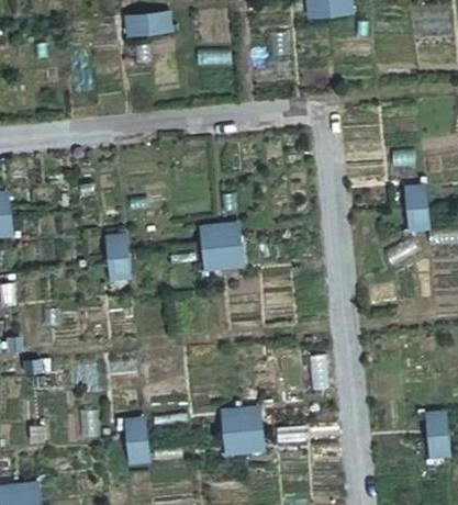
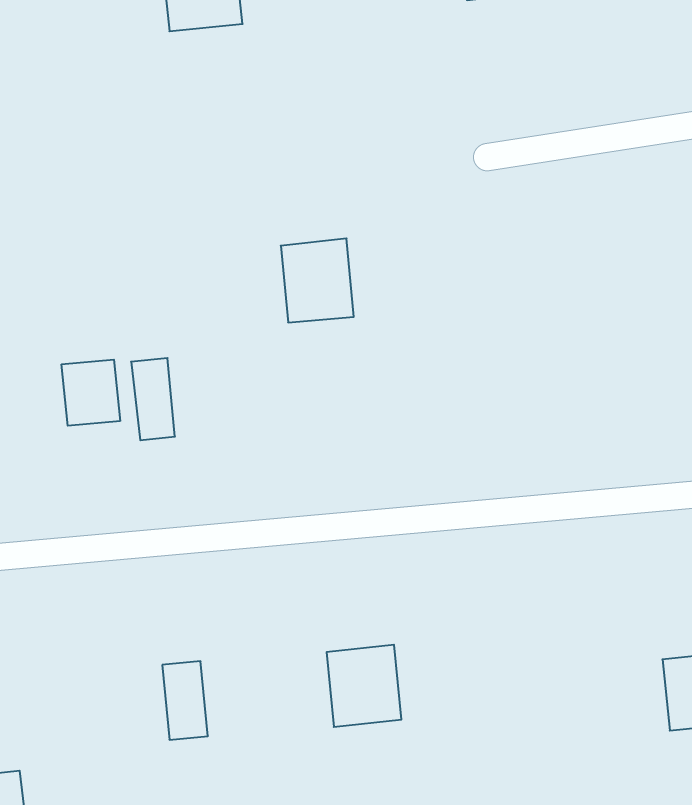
building: [403,184,429,231] -> none
building: [200,220,244,270] -> [281,238,354,322]
building: none -> [62,360,120,426]

